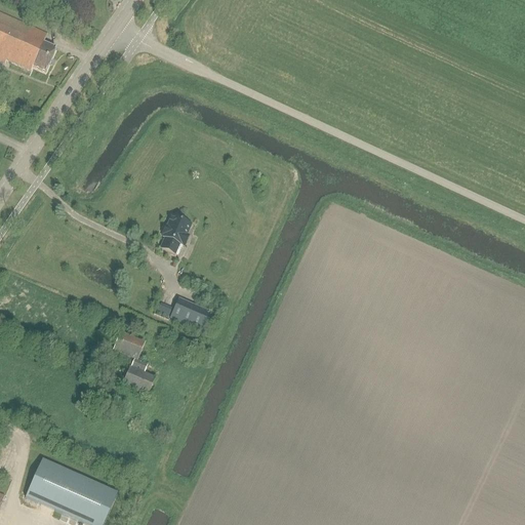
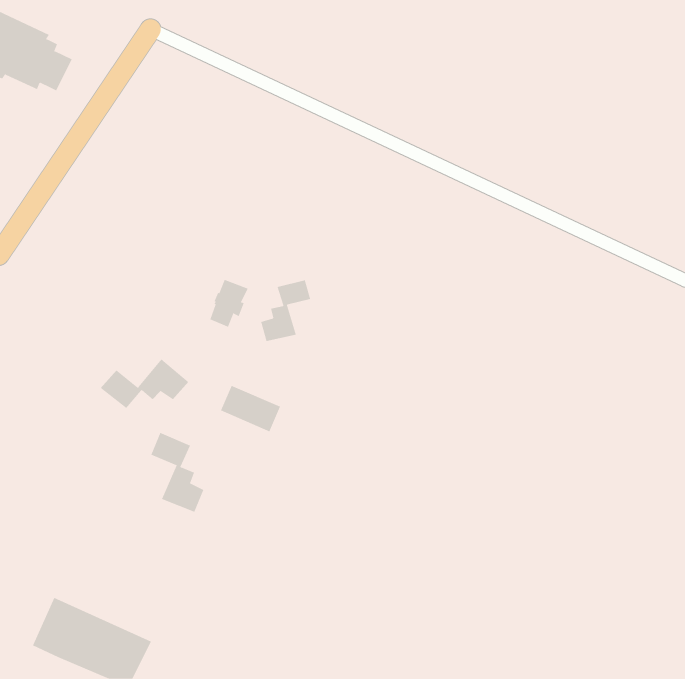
building: none -> [260,279,311,342]
building: none -> [100,359,189,409]

